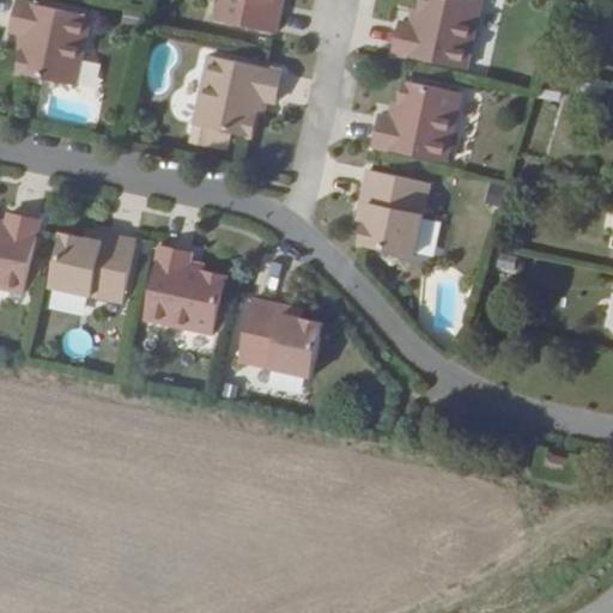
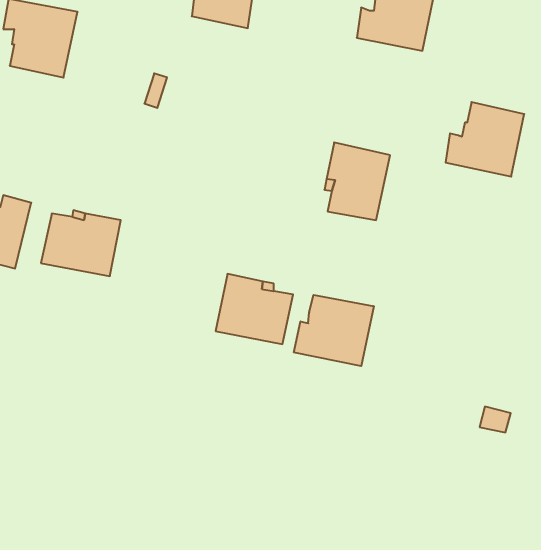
building: [193,55,281,138] -> none
building: [377,68,465,151] -> [446,102,524,177]
building: [144,251,226,340] -> none
building: none -> [294,295,374,366]

